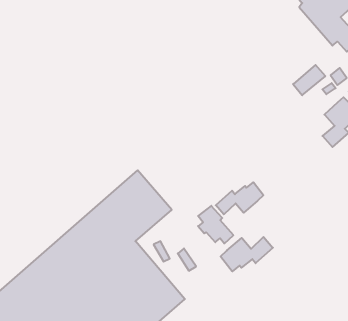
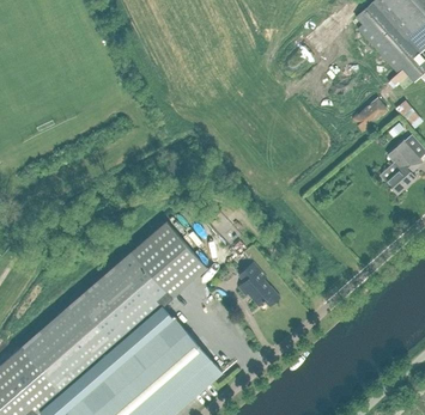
building: [216,182,263,214] -> none
building: [221,237,273,271] -> none

